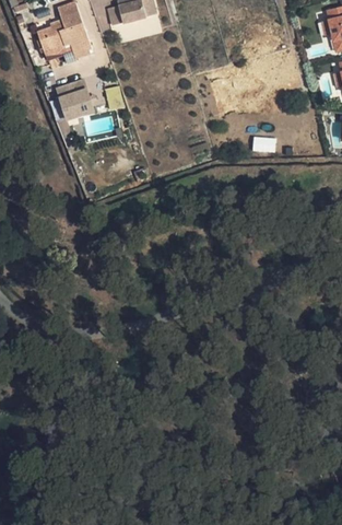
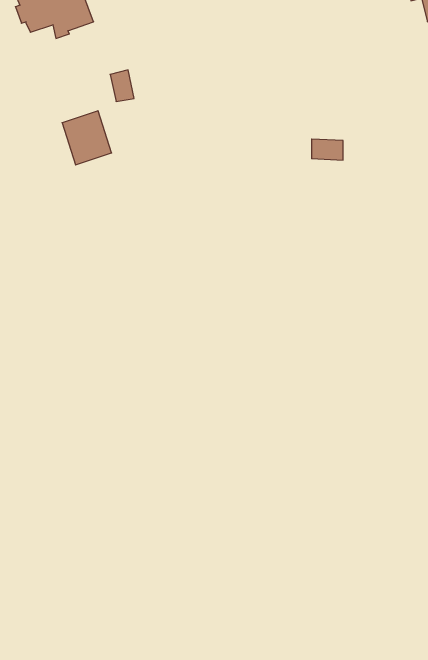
building: [57,79,93,118] -> [62,111,112,165]

